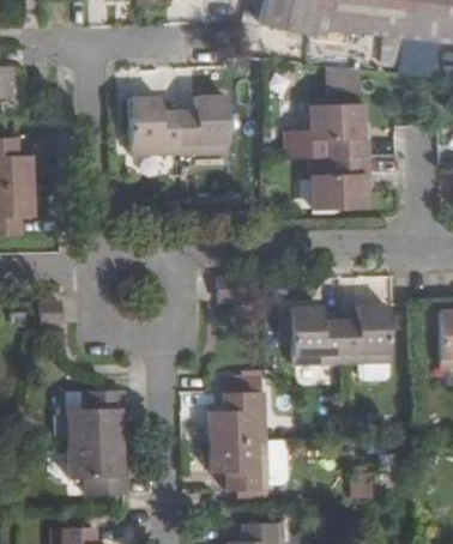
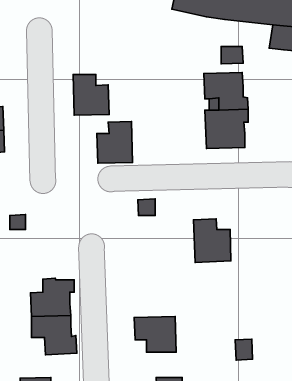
building: [175,104,224,162] -> [97,121,133,163]
building: [343,303,392,363] -> none
building: [211,391,267,441] -> none

